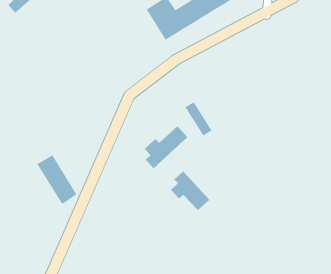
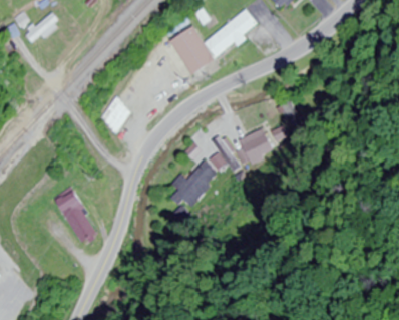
building: none -> [238,129,272,164]
building: [170,170,210,211] -> none

